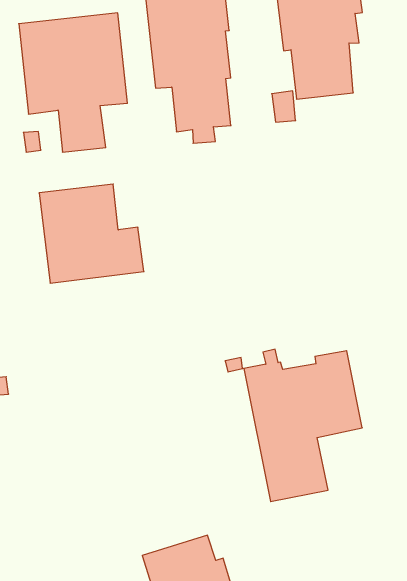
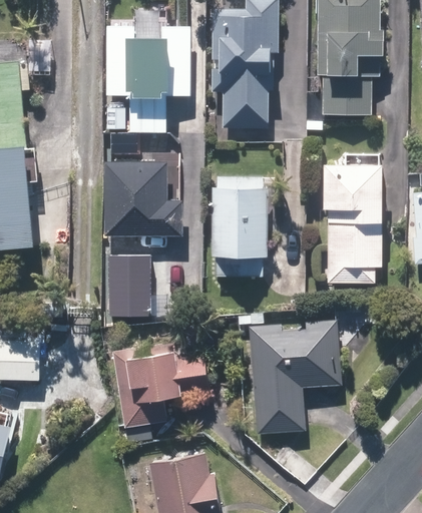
building: none -> [327,161,385,284]
building: none -> [212,175,267,277]
building: none -> [124,259,164,296]
building: none -> [114,344,208,427]

